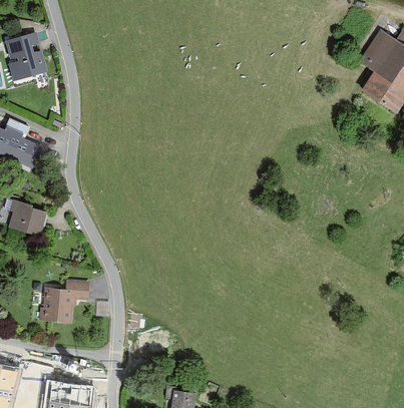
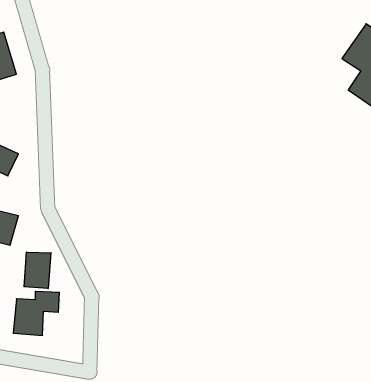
building: none -> [24,252,51,289]

